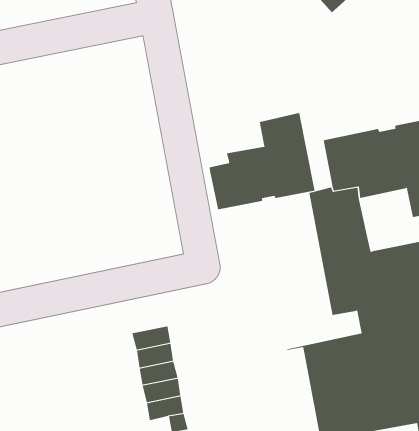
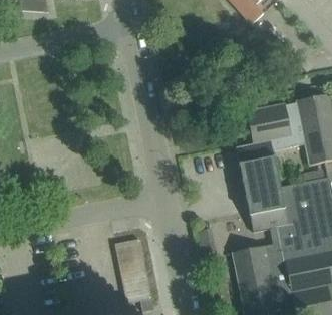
building: [209,112,315,210] -> none

